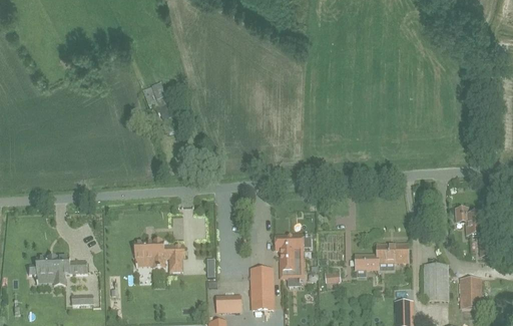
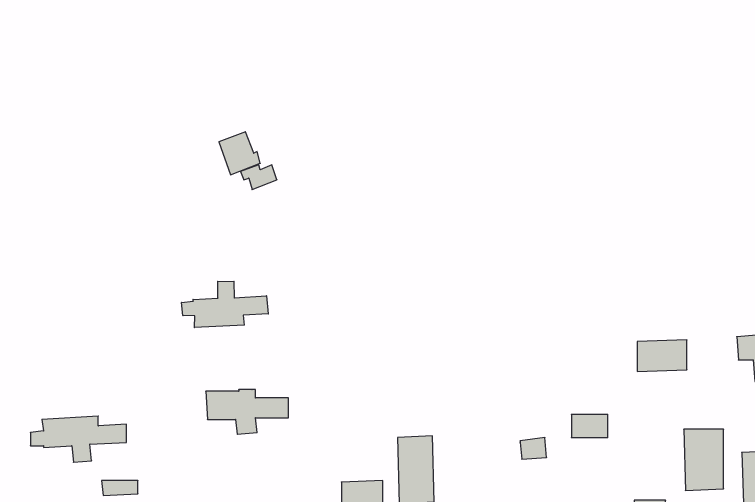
building: none -> [182,281,268,328]
building: [276,236,303,287] -> none
building: [378,245,408,264] -> [637,340,687,371]

